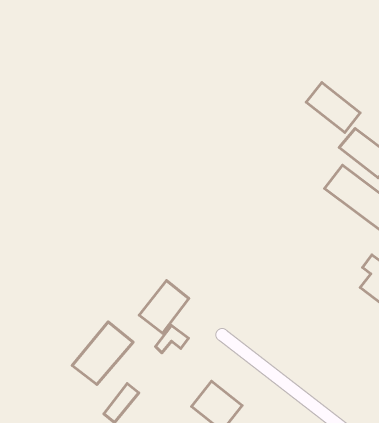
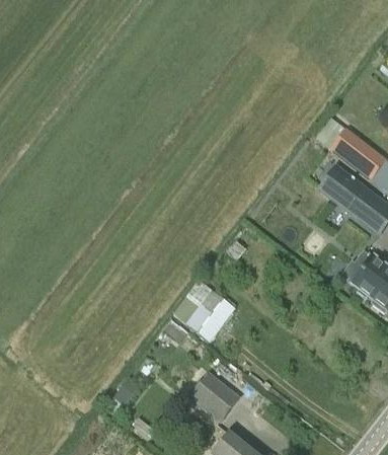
building: [306,83,360,132] -> none
building: [139,281,189,333] -> [185,289,233,339]
building: [72,322,133,385] -> none

